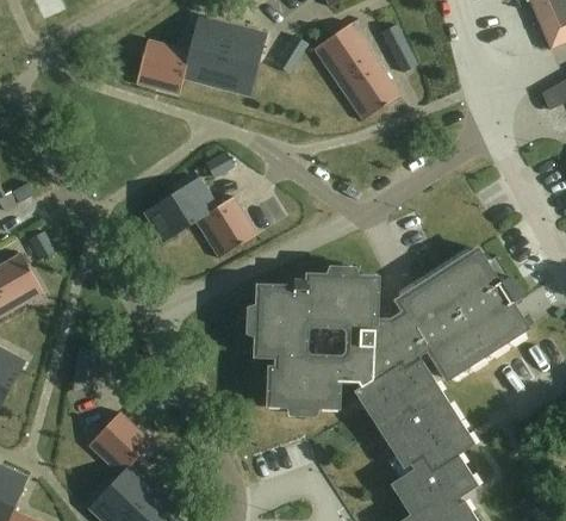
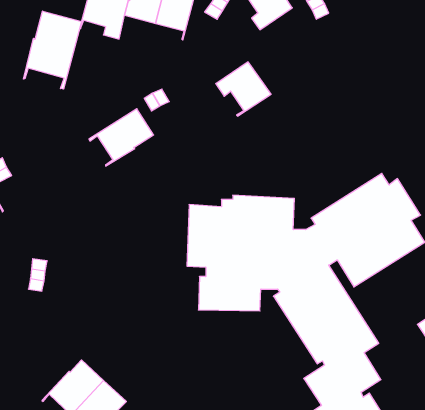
building: [337,60,400,122] -> [216,62,271,116]
building: none -> [24,11,81,89]
building: [193,197,257,260] -> none
building: [86,411,150,477] -> none

